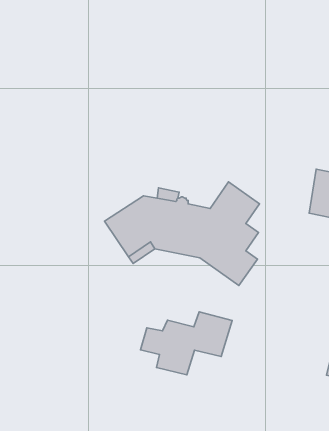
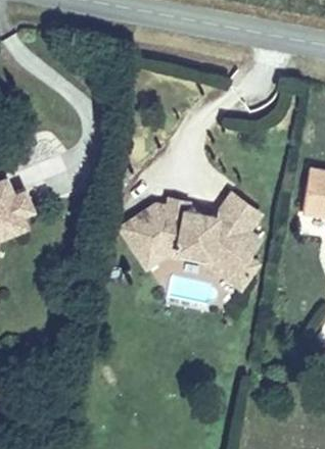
building: [141,312,232,375] -> none

